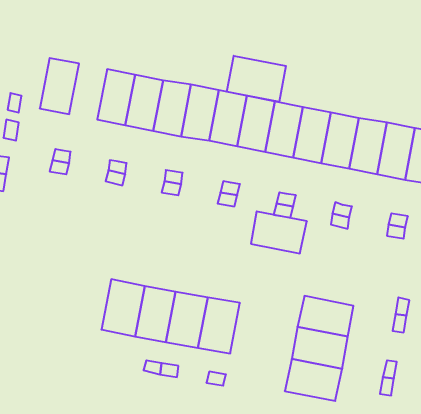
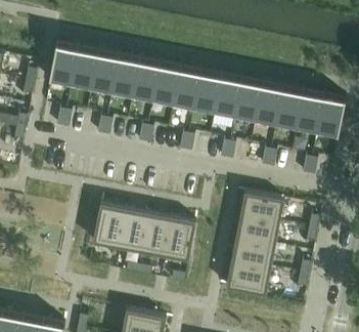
building: [227,56,286,102] -> none
building: none -> [70,47,97,88]
building: [251,211,307,253] -> [241,194,282,224]

